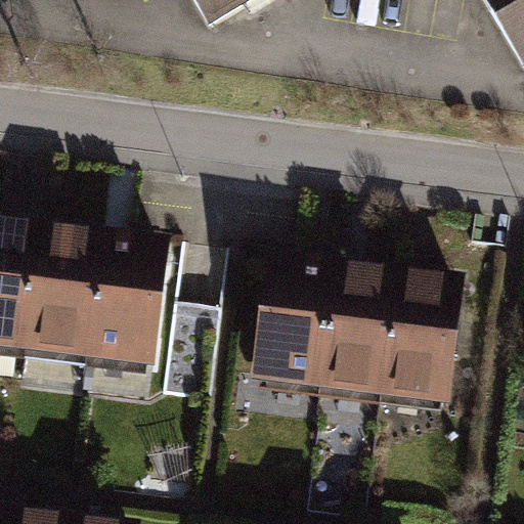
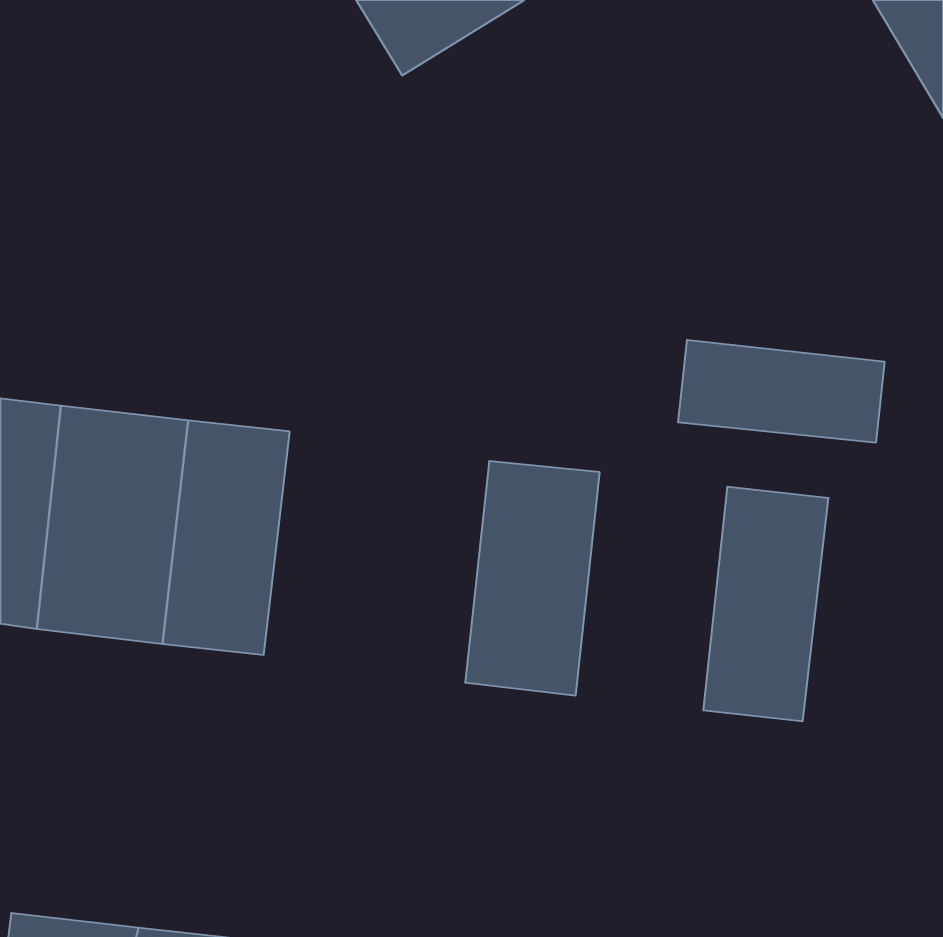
building: none -> [678,340,884,443]
building: [319,265,403,397] -> none

